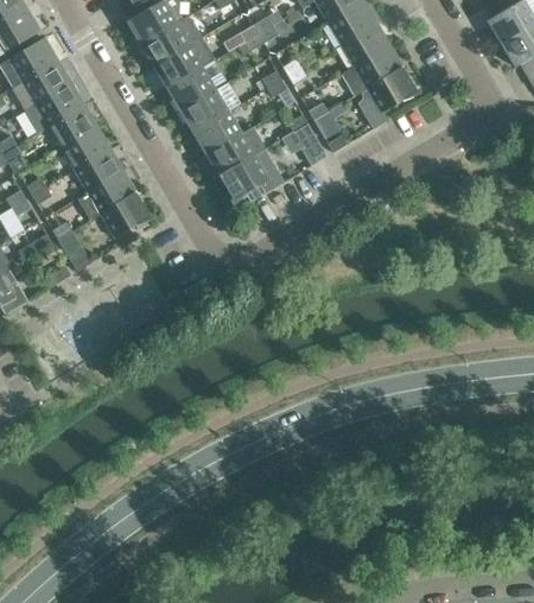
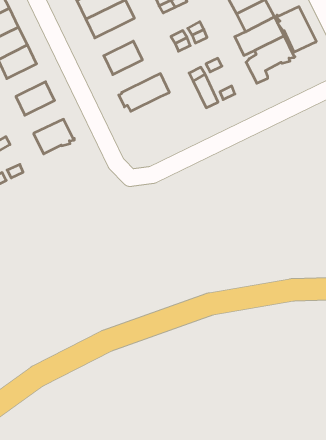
building: none -> [276,7,316,52]
building: [167,66,216,109] -> none
building: [193,110,242,153] -> none
building: [62,126,110,169] -> none
building: [220,154,274,202] -> none
building: [77,170,136,220] -> none

